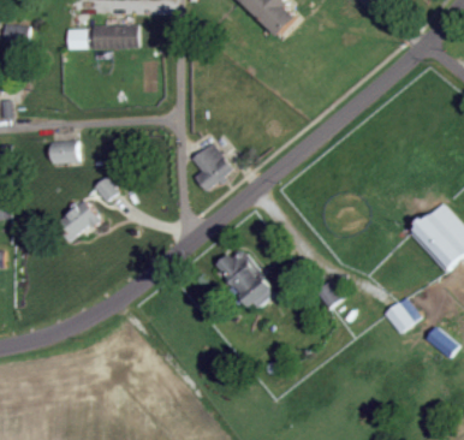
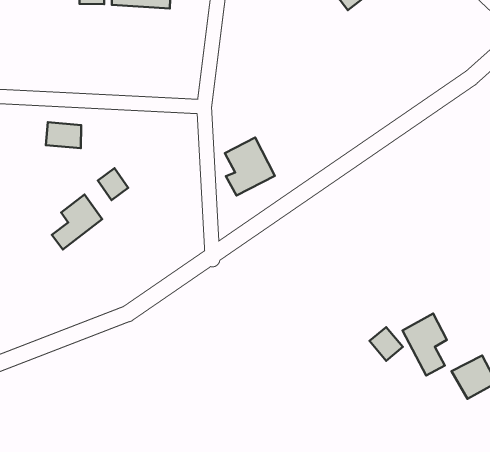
building: [213,248,275,310] -> none
building: none -> [402,313,447,376]

